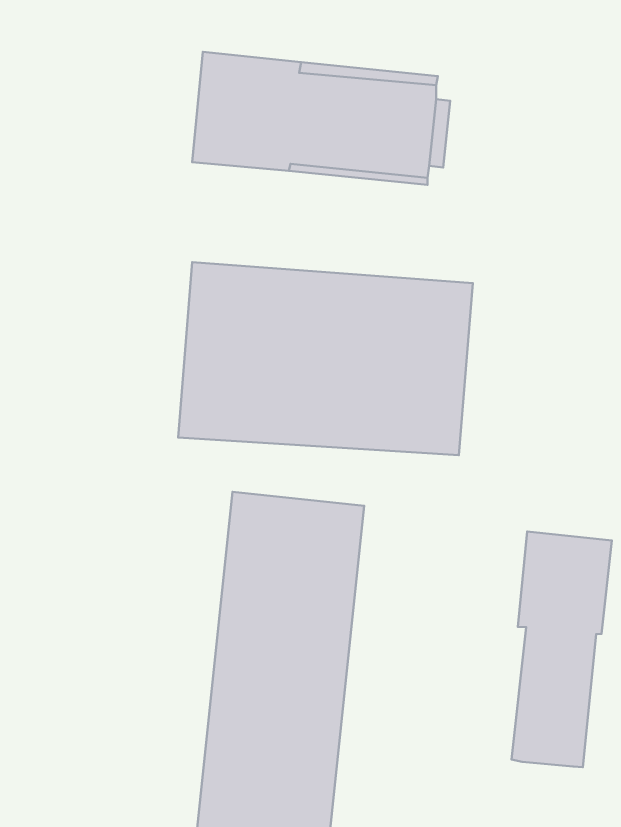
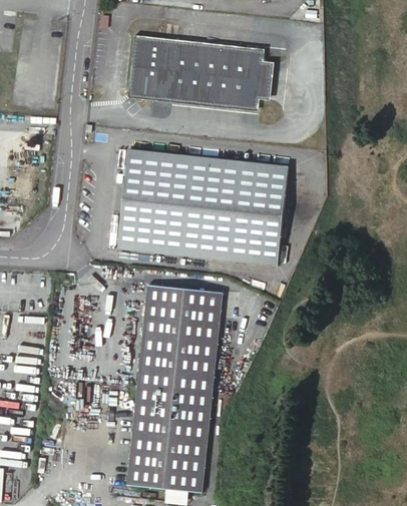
building: [512,531,612,767] -> none

